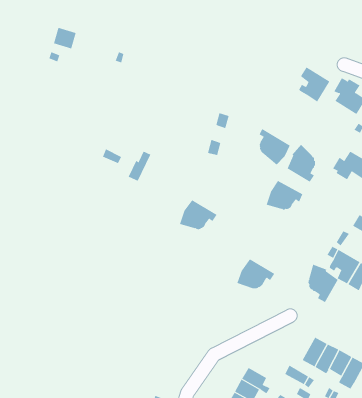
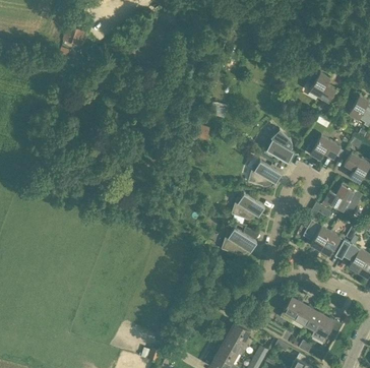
building: [298,66,330,103] -> none
building: [259,128,291,165] -> none
building: [179,200,218,230] -> [232,193,265,220]
building: [308,264,339,303] -> none

